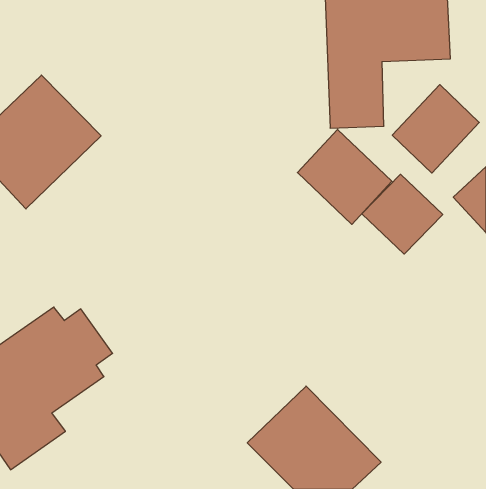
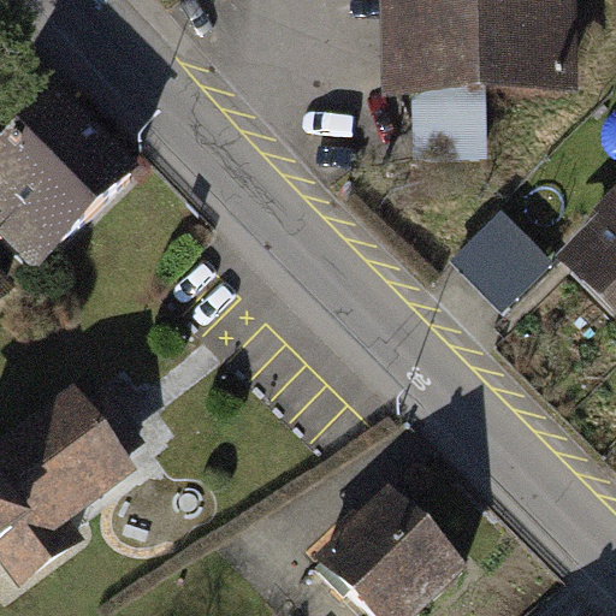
building: [392,85,479,173] -> none
building: [297,129,392,224] -> none

